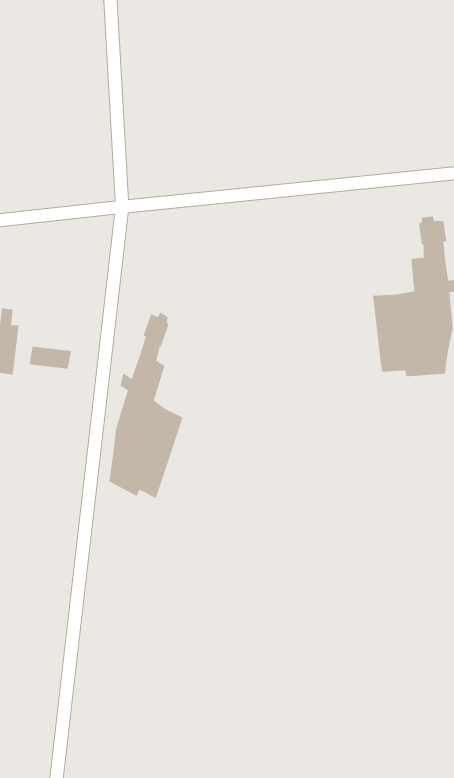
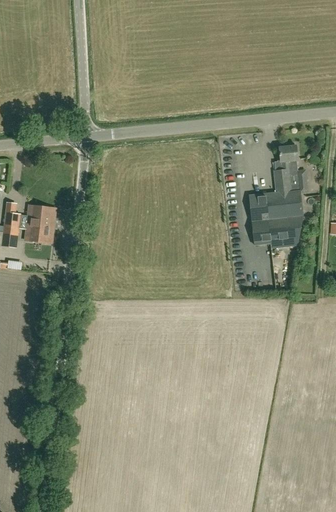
building: none -> [27,204,55,230]
building: [109,312,183,499] -> none

